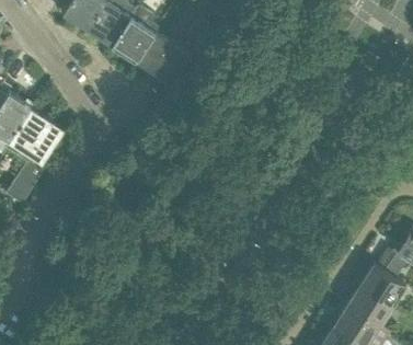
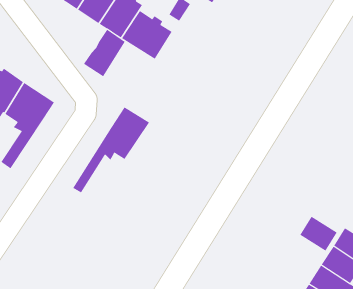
building: none -> [83,29,126,77]
building: none -> [72,106,150,193]
building: none -> [300,216,337,251]

